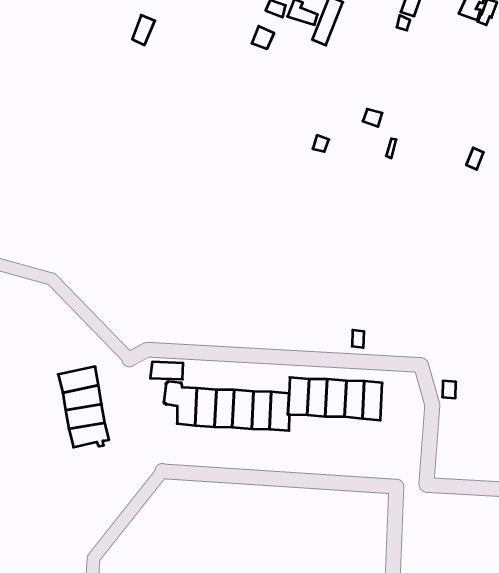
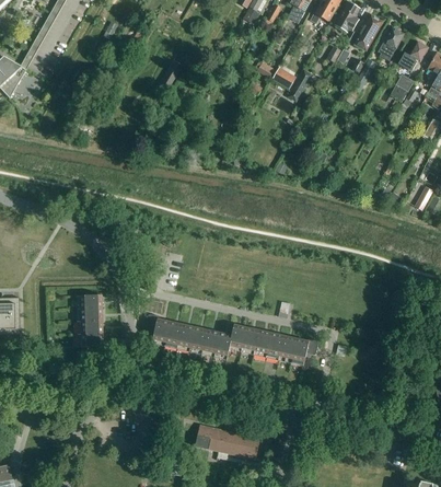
building: none -> [291,337,318,366]
building: none -> [195,425,259,460]

